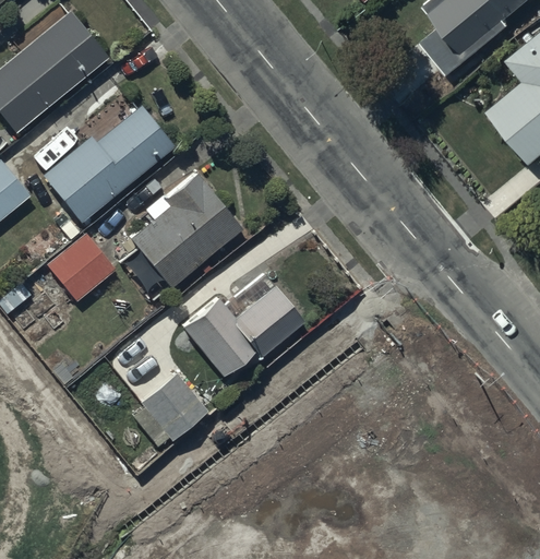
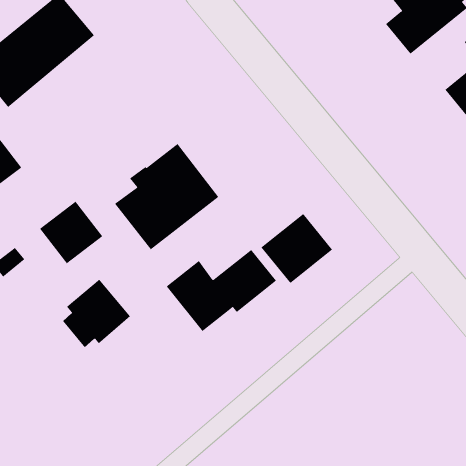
building: [43,107,173,223] -> none
building: none -> [261,213,333,284]
building: [135,373,209,449] -> [62,279,131,348]

